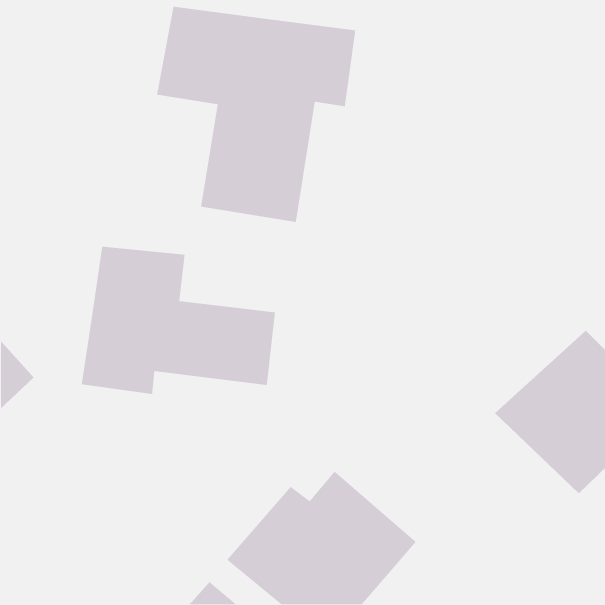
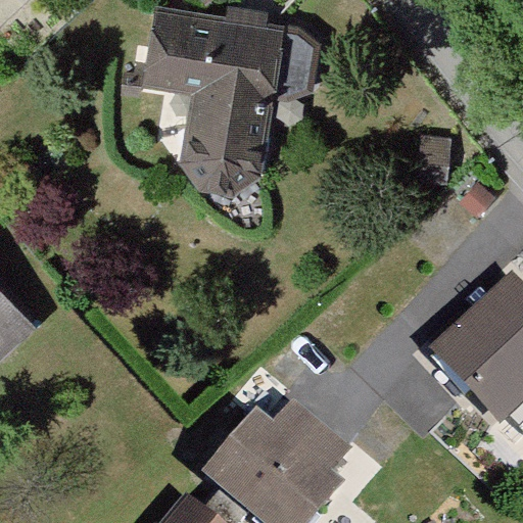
building: [81,246,276,395] -> none

